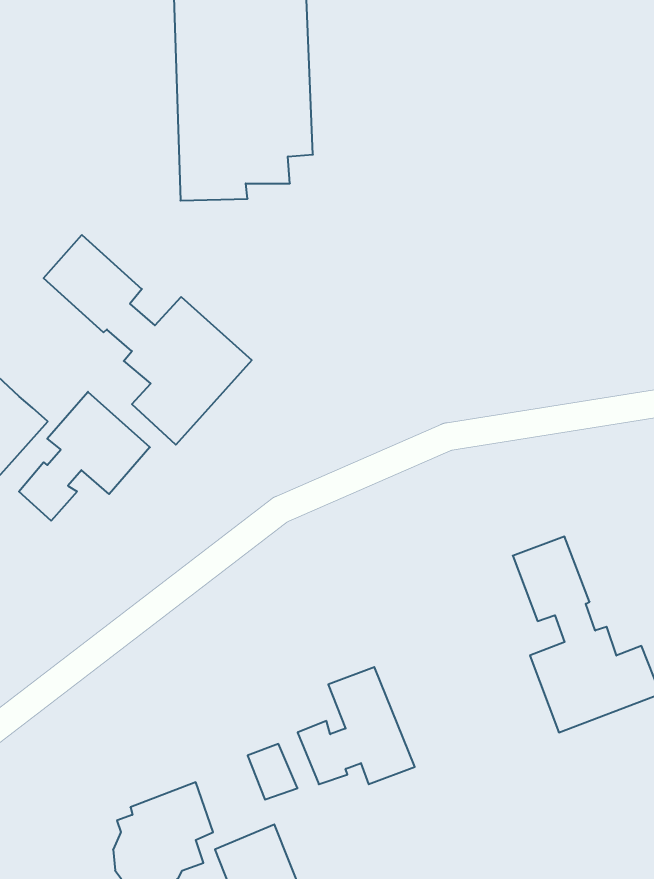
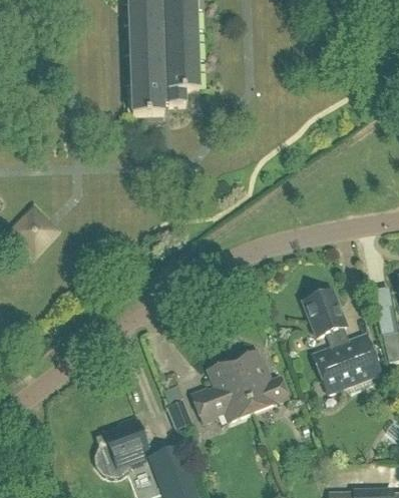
building: [44,235,252,445] -> none
building: [19,392,150,521] -> none
building: none -> [232,349,288,411]

